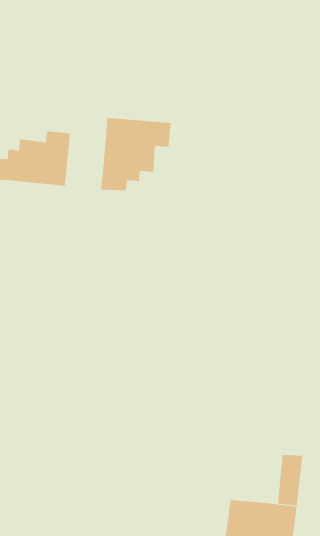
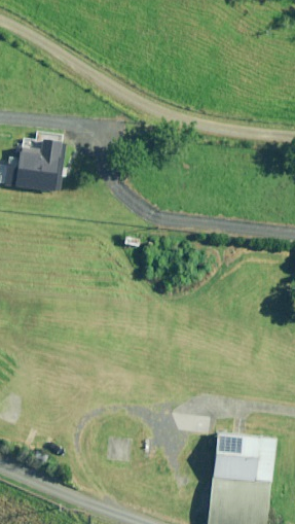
building: [100,117,171,191] -> none
building: none -> [211,432,258,482]

